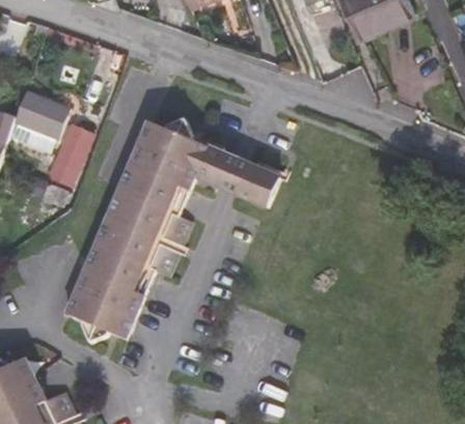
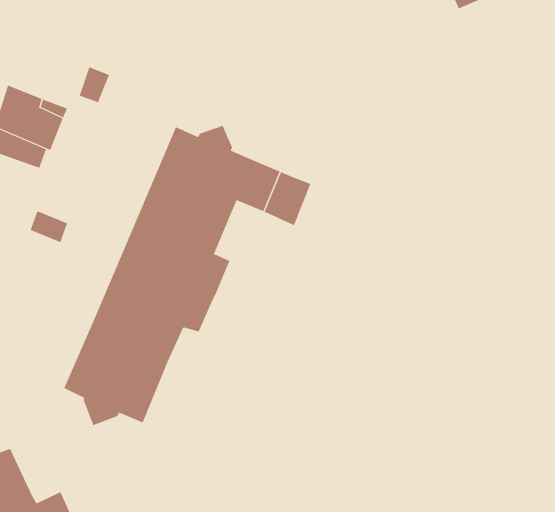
building: [50,124,89,185] -> none
building: [237,163,278,205] -> none

